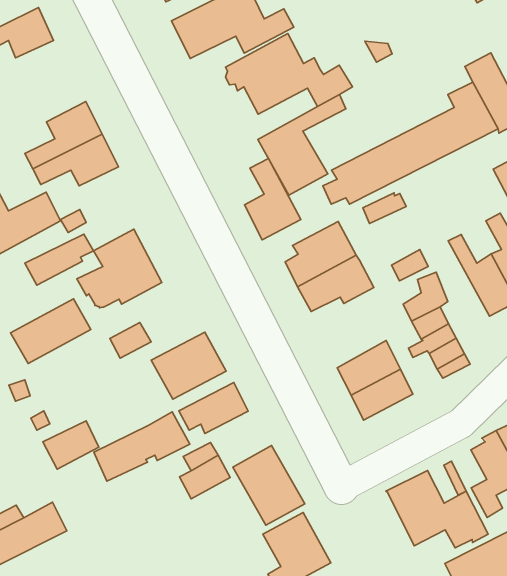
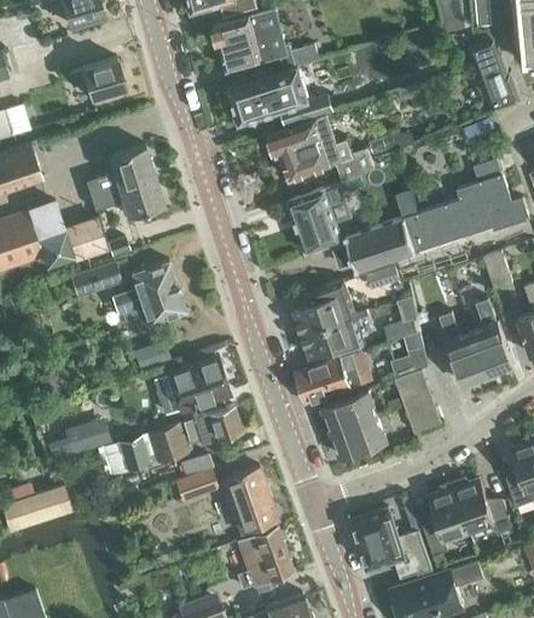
building: [244,159,301,240] -> none
building: [11,299,91,363] -> none
building: none -> [295,354,362,403]

